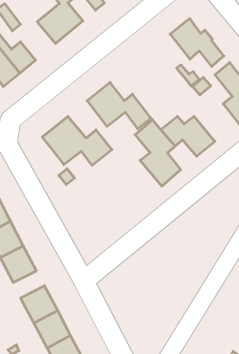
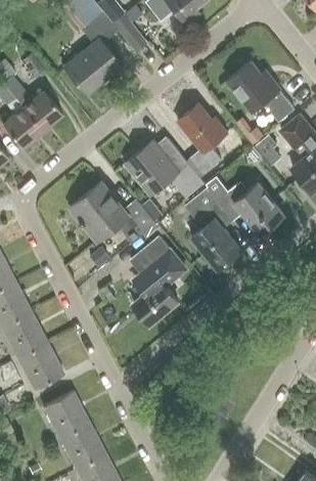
building: none -> [178,105,228,174]
building: none -> [130,236,184,324]

